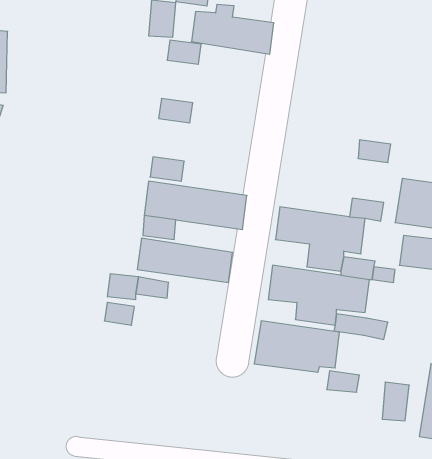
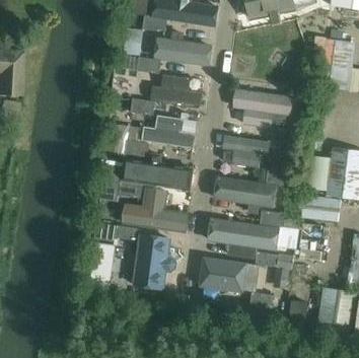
building: none -> [150,75,201,106]
building: none -> [232,89,292,128]
building: none -> [125,115,193,146]
building: none -> [221,135,269,168]
building: none -> [131,233,176,290]

